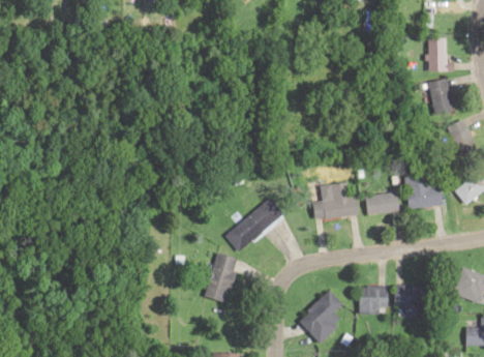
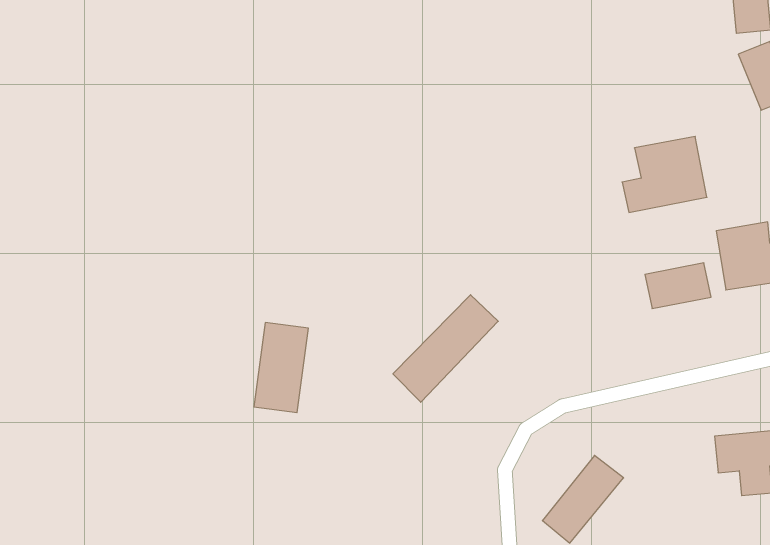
building: [313,181,358,218] -> [622,136,707,212]
building: [206,252,239,302] -> [254,323,308,413]
building: [360,286,389,311] -> none

